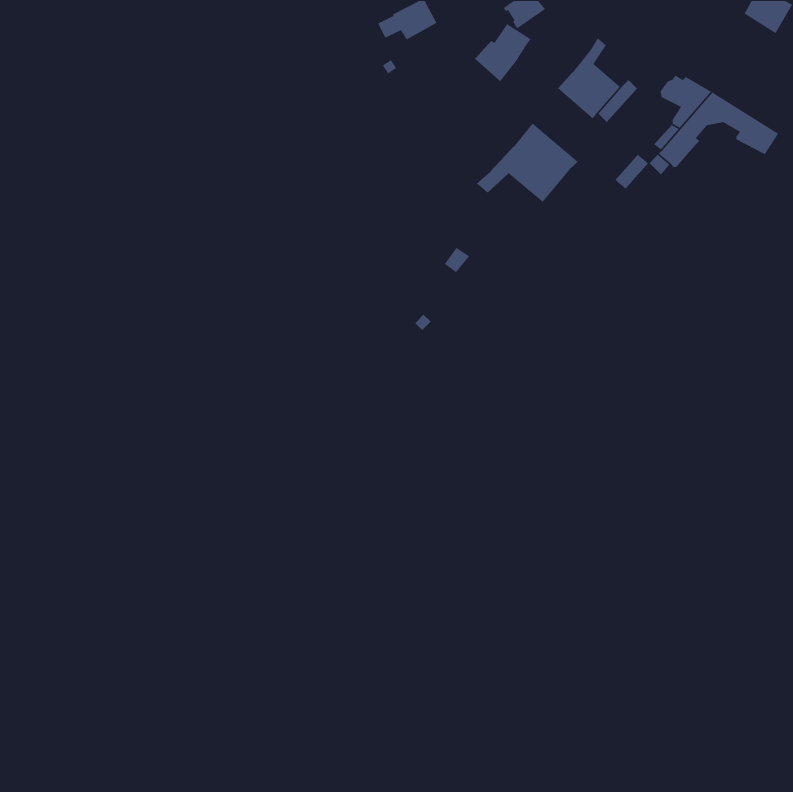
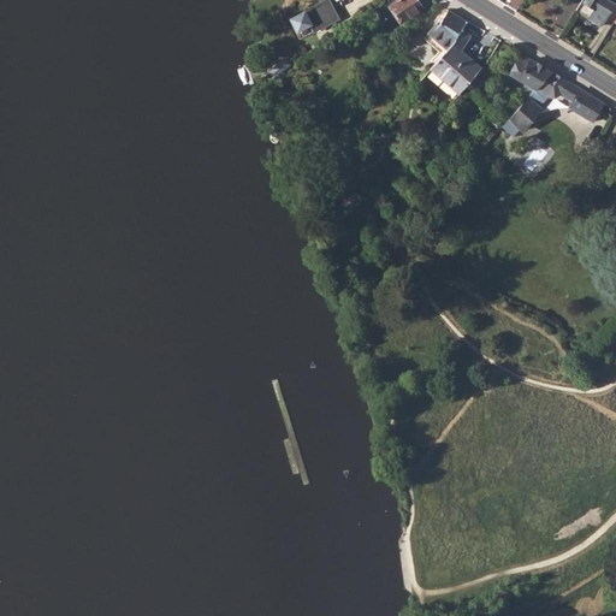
building: [474,23,532,82] -> [424,11,468,57]
building: [476,123,578,203] -> none

